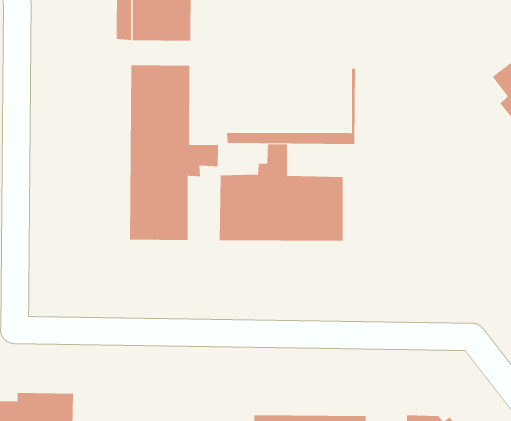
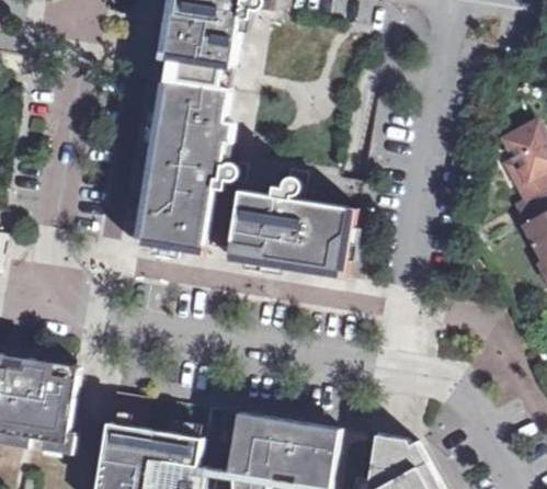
building: none -> [132,77,202,254]
building: [226,68,356,144] -> [228,209,355,278]

